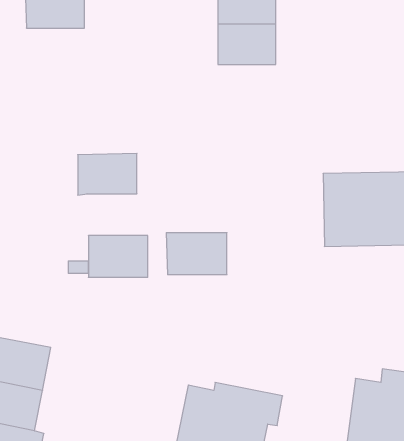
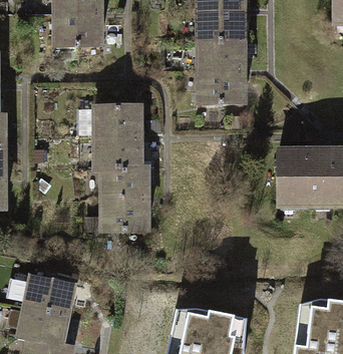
building: none -> [199,71,242,100]
building: none -> [94,106,138,138]
building: [166,233,227,275] -> [101,167,146,199]

